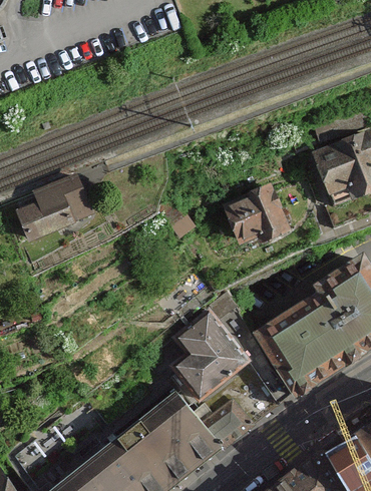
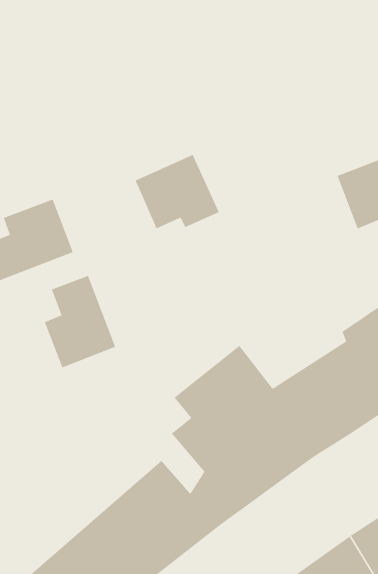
building: [223,184,294,248] -> [134,154,220,229]
building: none -> [44,275,116,368]

